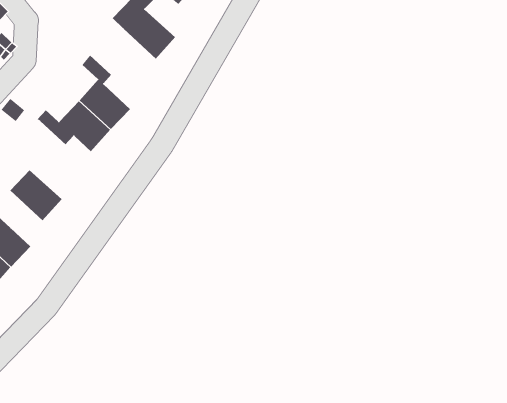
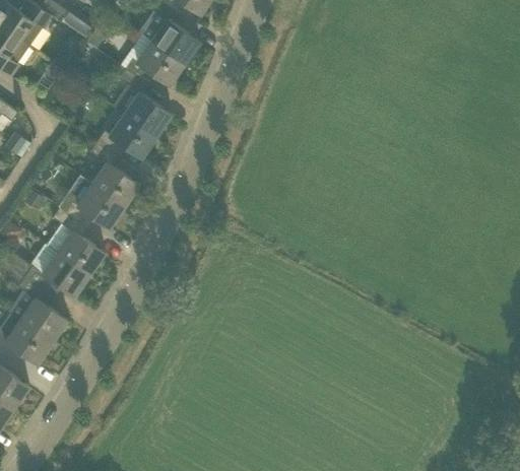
building: none -> [95,114,155,158]
building: none -> [52,207,104,274]

